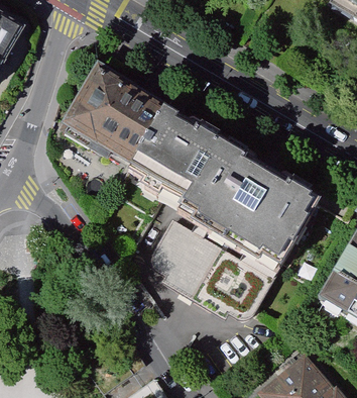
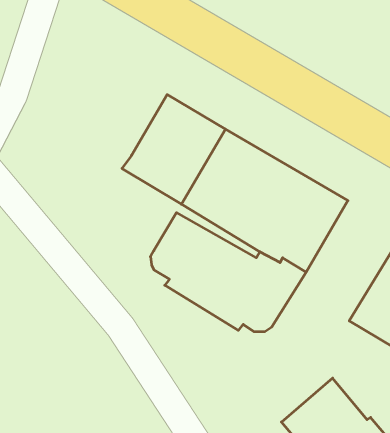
building: [65,67,165,159] -> none

